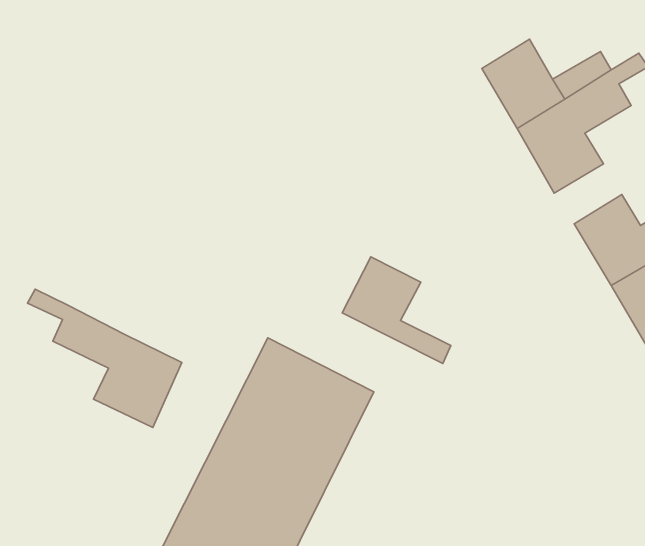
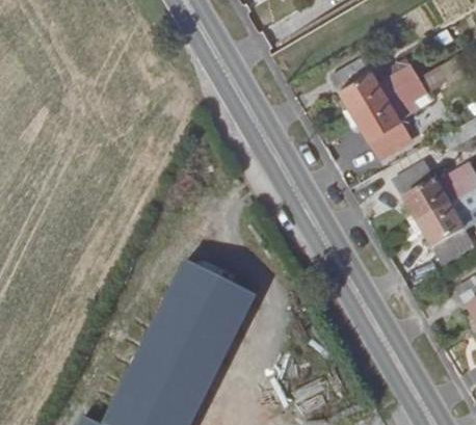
building: [342,257,451,363] -> none
building: [28,289,182,428] -> none

